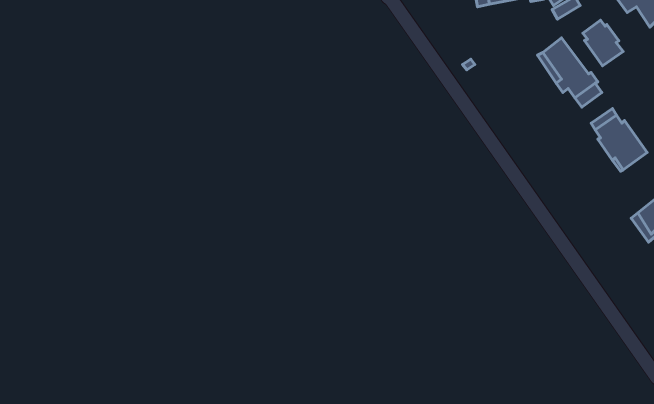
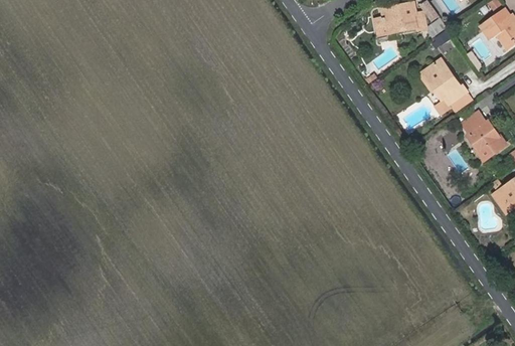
building: [583,20,623,66] -> none

